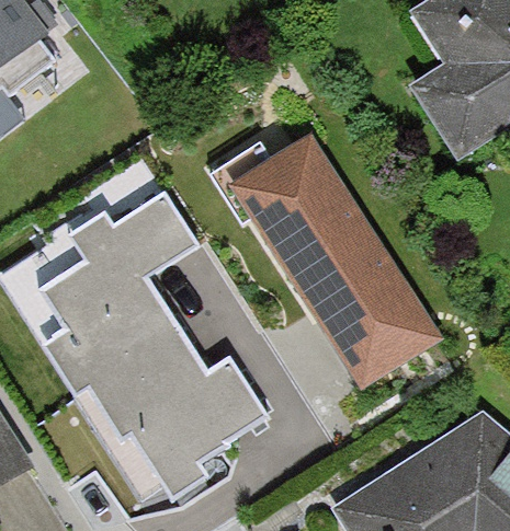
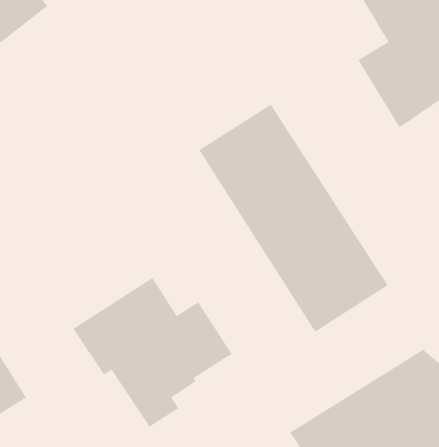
building: [41,192,199,395] -> none

